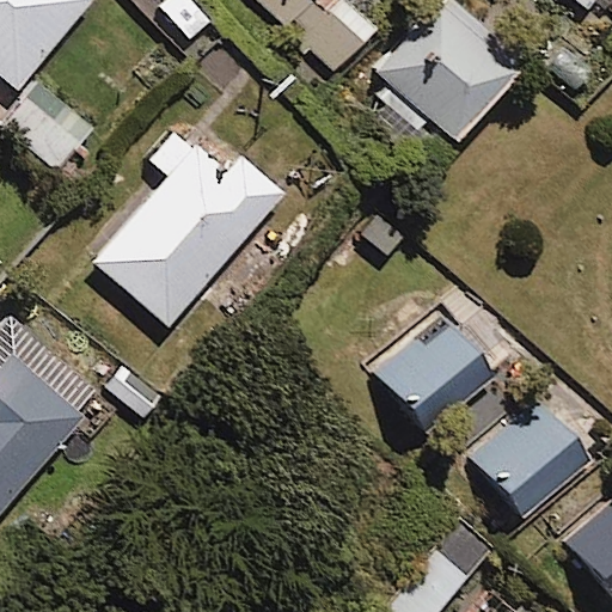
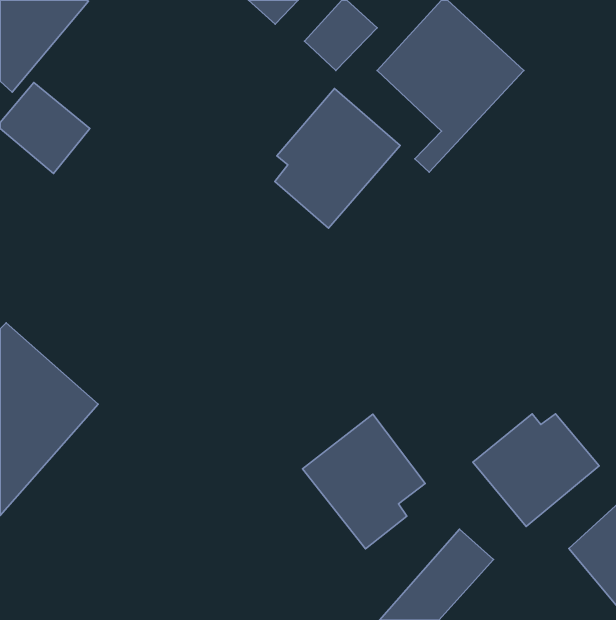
building: none -> [275,88,400,228]
building: [93,133,282,328] -> none
building: [372,313,492,446] -> [303,414,425,549]

